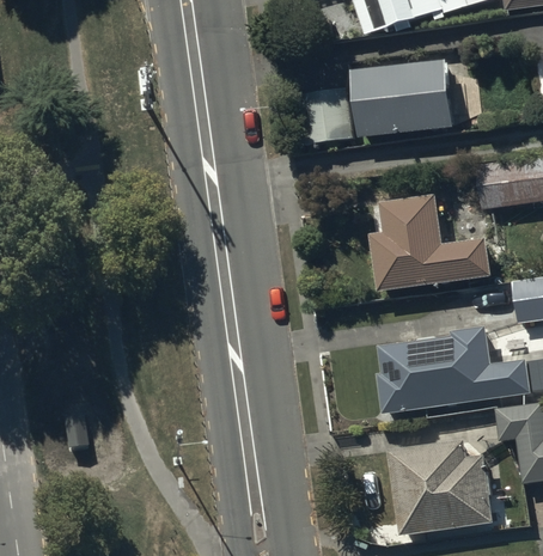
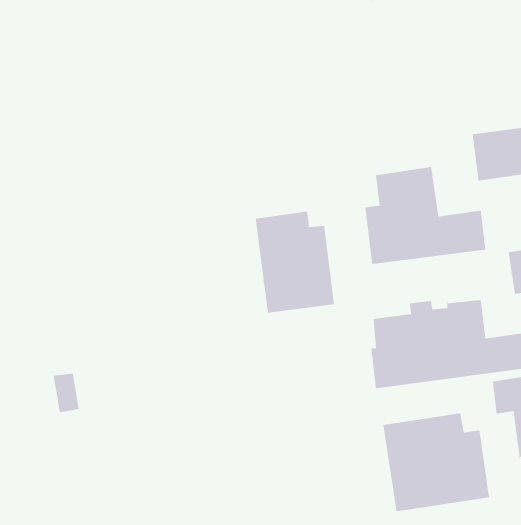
building: [300,61,454,143] -> none
building: none -> [255,211,335,313]

